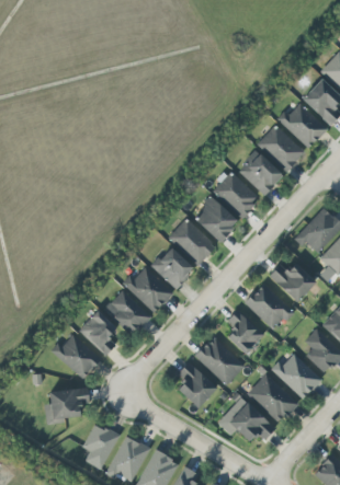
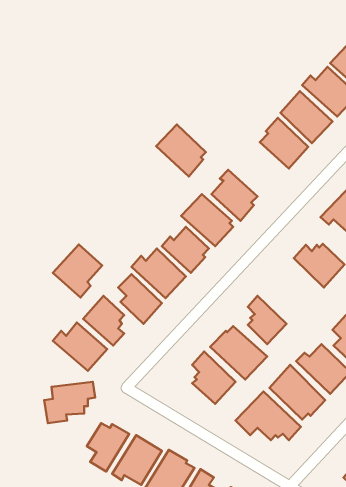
building: [213,171,258,218] -> [156,124,206,176]
building: none -> [53,244,102,297]
building: [245,284,294,327] -> none

